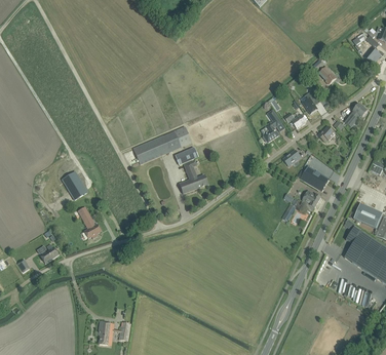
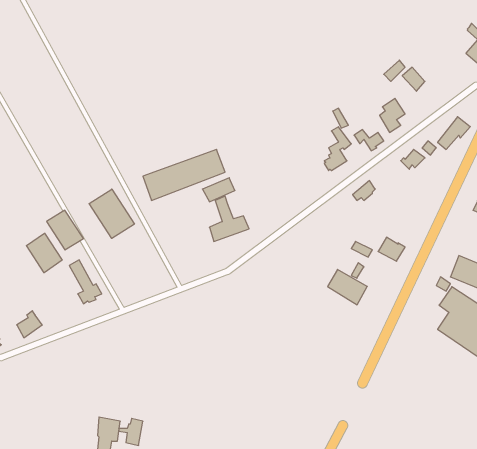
building: none -> [89,189,134,238]
building: [301,165,330,191] -> [328,269,367,305]
building: none -> [26,233,62,273]

